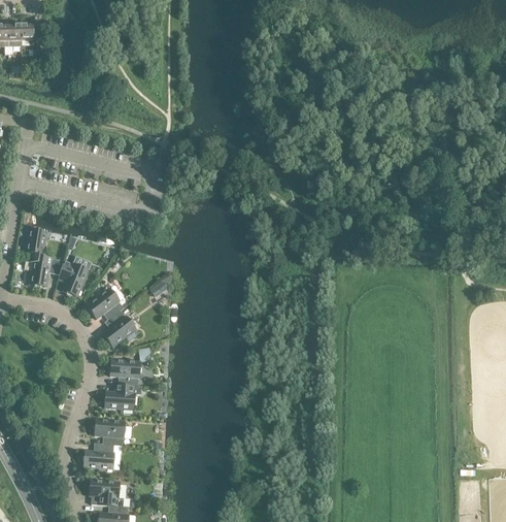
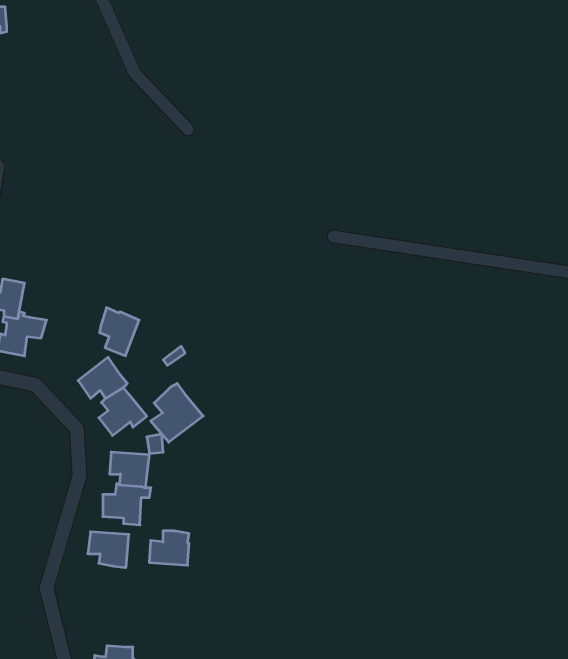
building: [58,260,88,296] -> [99,308,139,356]
building: none -> [151,383,203,442]
building: [83,443,113,468] -> [149,531,189,565]
building: [89,479,124,505] -> none

